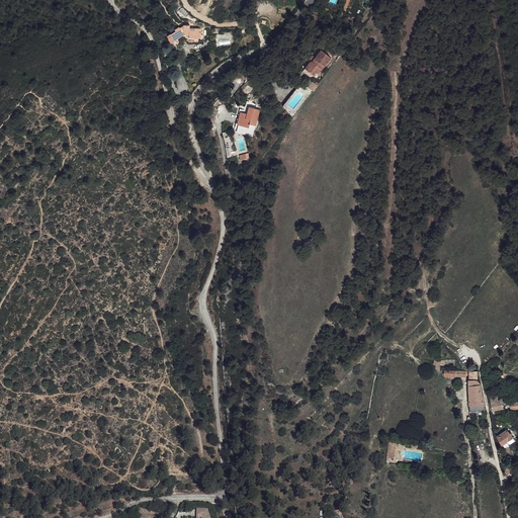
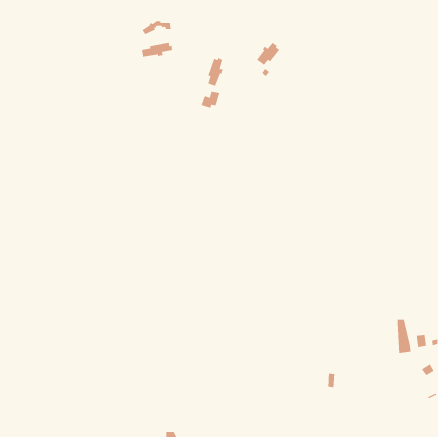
building: none -> [141,42,173,57]
building: none -> [207,57,224,87]

